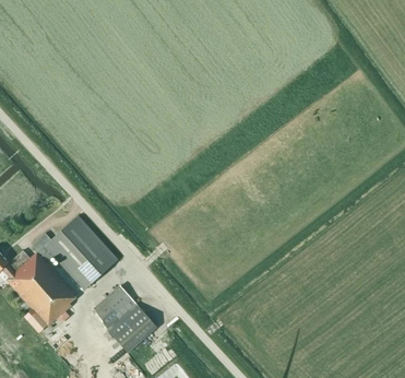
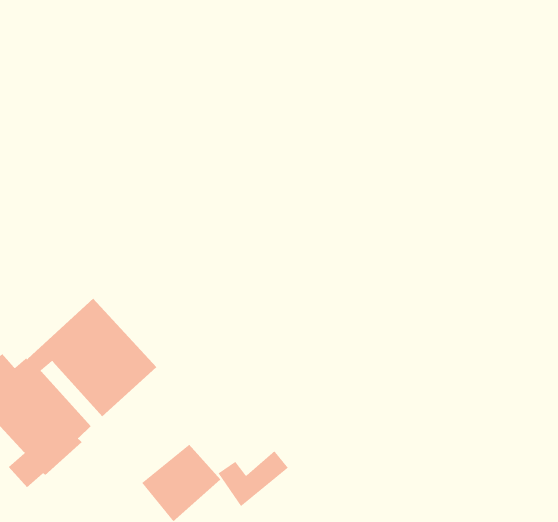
building: [94,294,138,329] -> [218,450,289,507]

